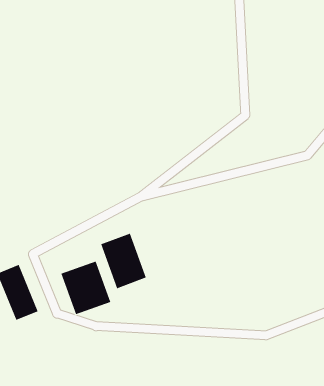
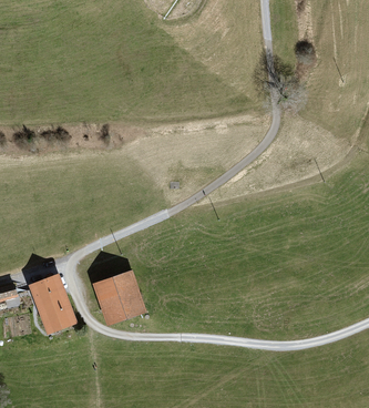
building: [100,233,147,289] -> none

